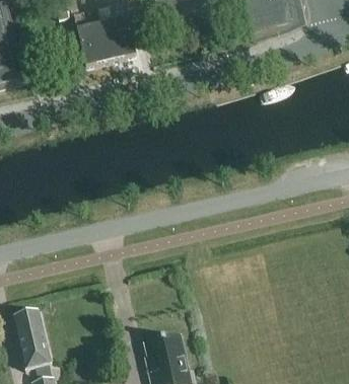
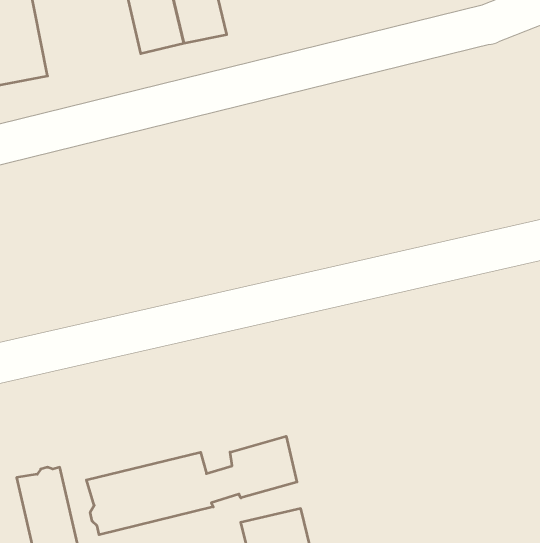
building: none -> [86,436,297,535]

